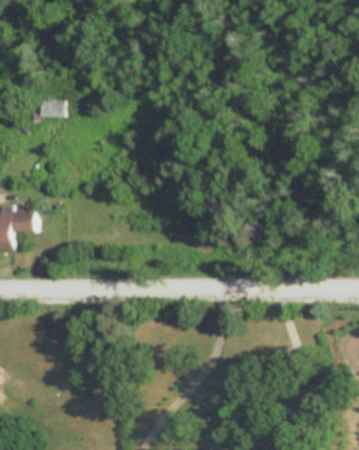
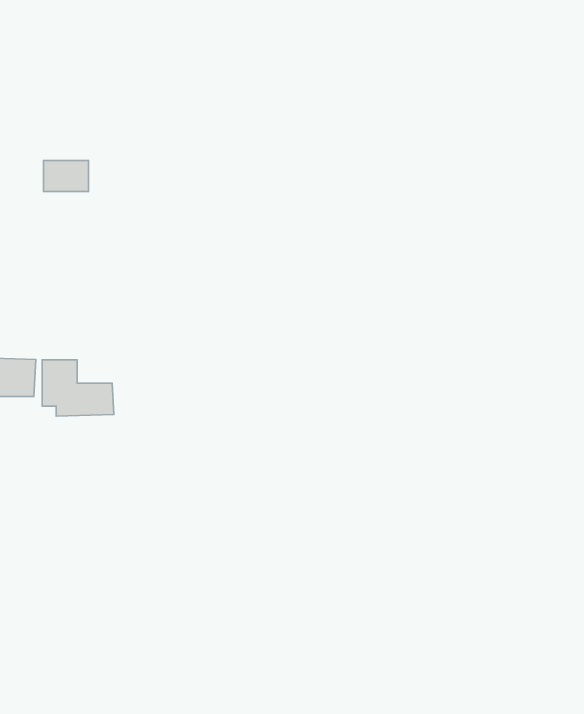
building: none -> [42,360,114,416]

